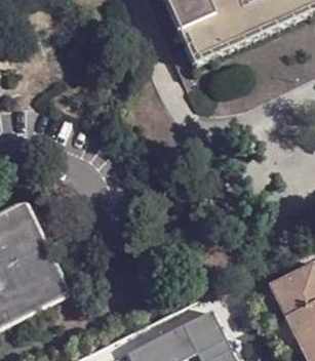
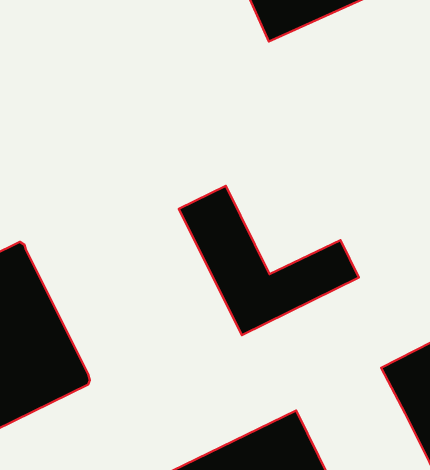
building: none -> [179,186,359,335]

